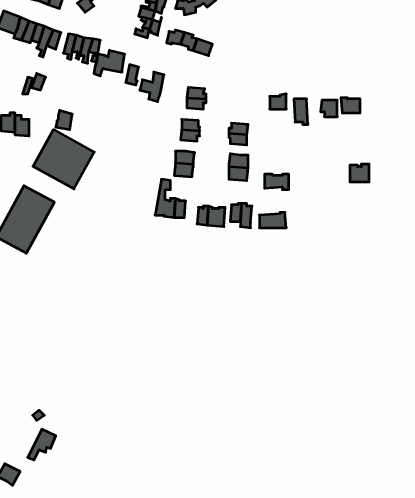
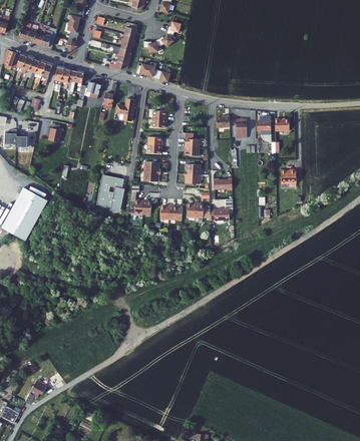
building: [33,130,94,189] -> none
building: none -> [96,173,123,207]

